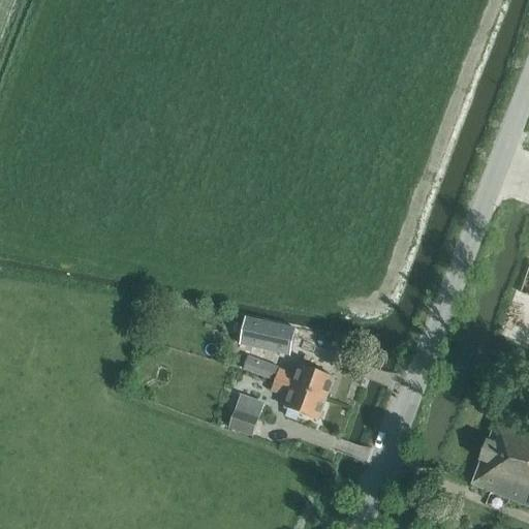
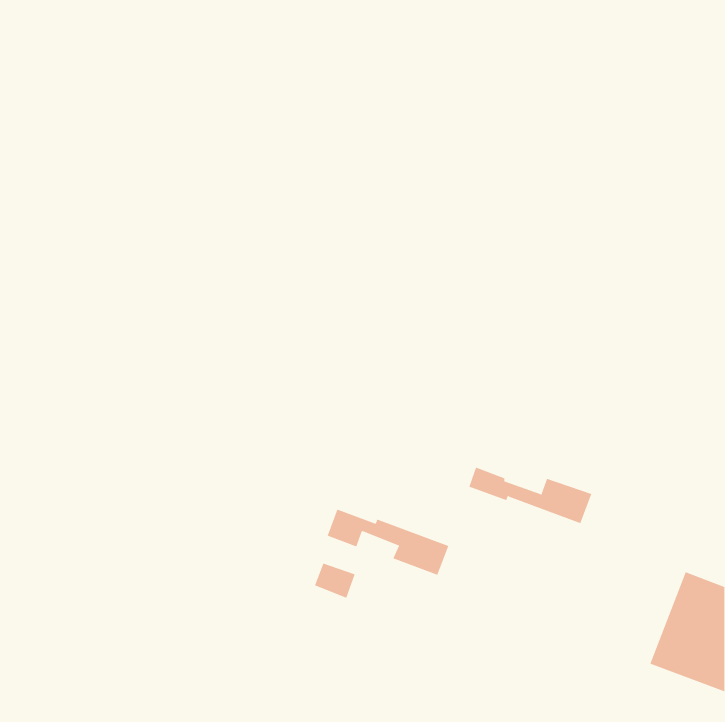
building: [239,315,295,353] -> none
building: [245,355,335,397] -> [468,467,592,524]

